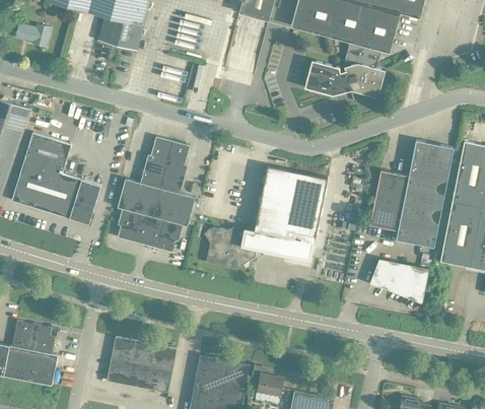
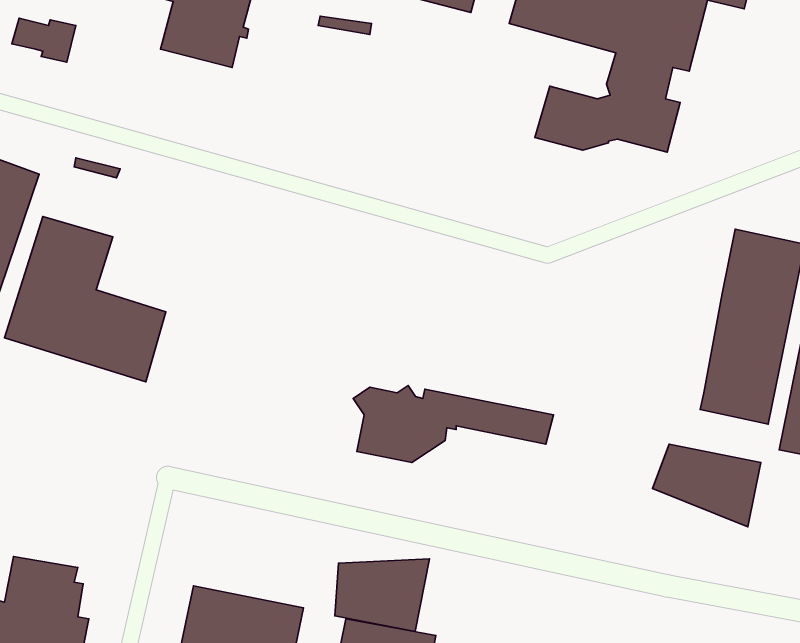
building: [117,135,195,252] -> none
building: [254,165,327,242] -> none
building: [369,169,408,229] -> none
building: none -> [335,559,429,632]

